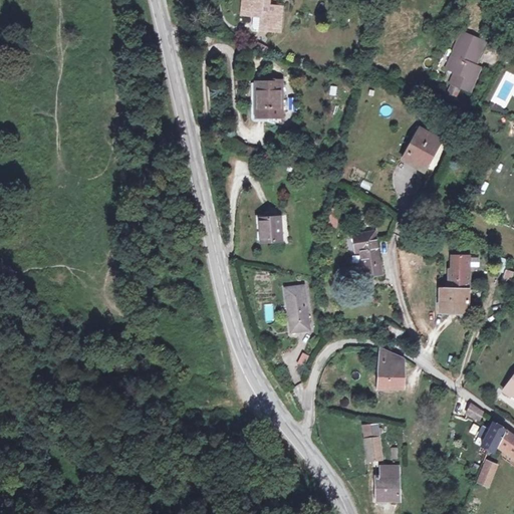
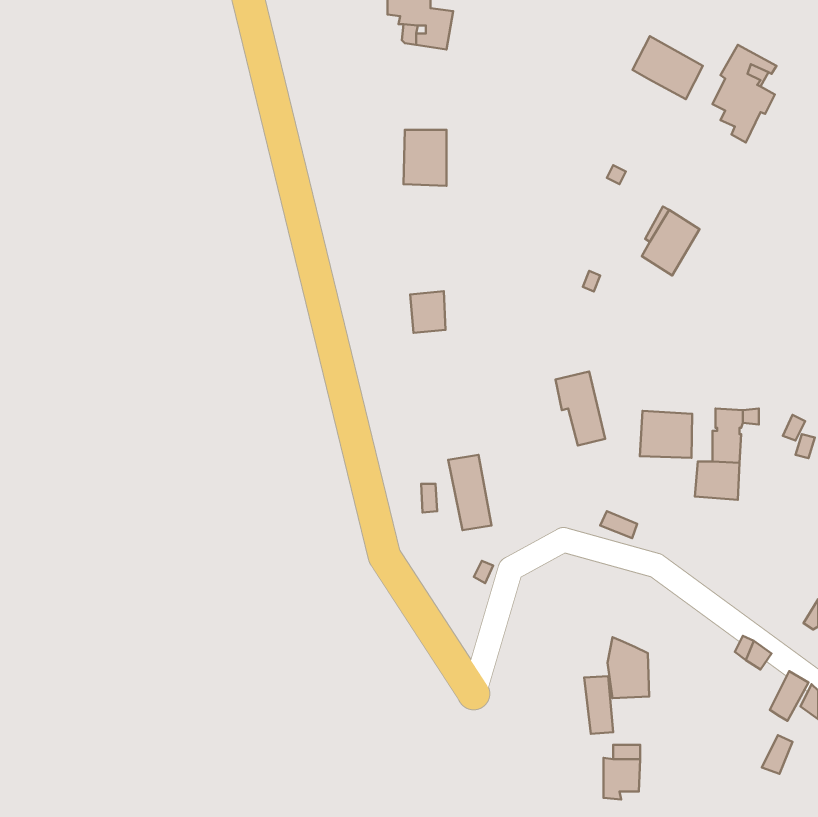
building: none -> [633,36,703,99]
building: [255,216,277,242] -> [410,291,446,333]
building: none -> [640,411,692,458]
building: [378,345,405,383] -> [608,637,649,698]

